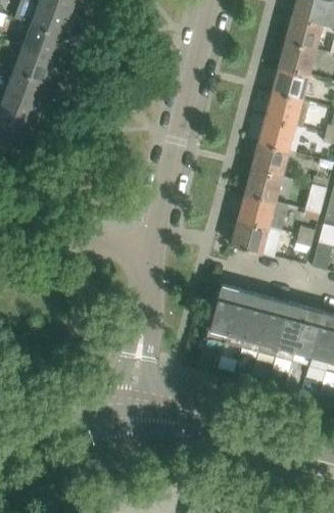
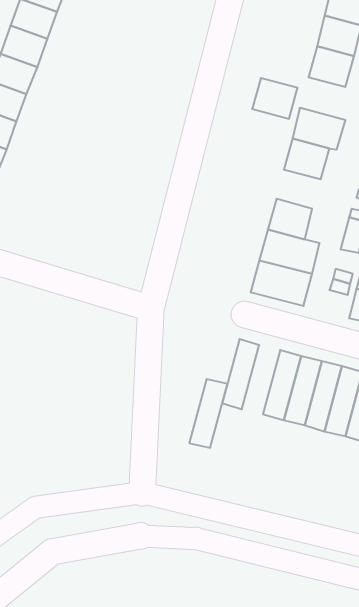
building: [271,66,308,100] -> [252,78,298,119]
building: [251,143,288,176] -> none
building: [223,289,254,346] -> [189,379,227,448]

